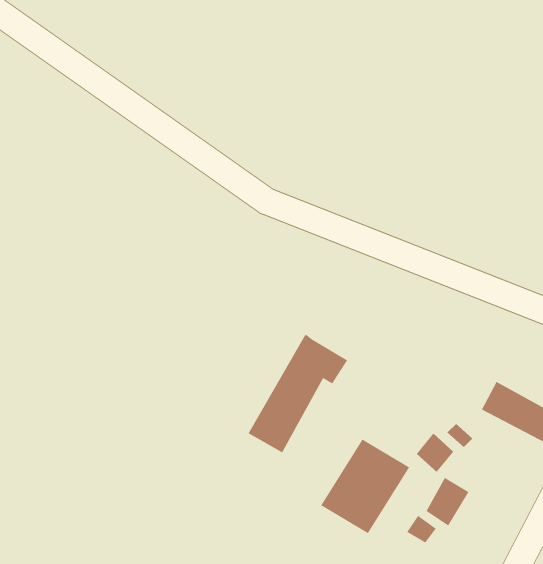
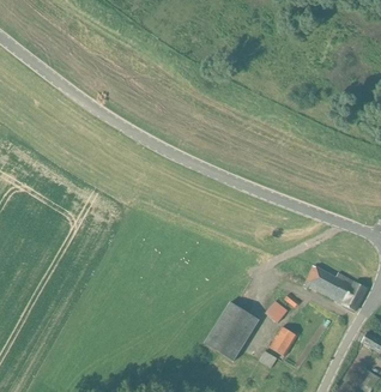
building: [247,334,348,453] -> none

